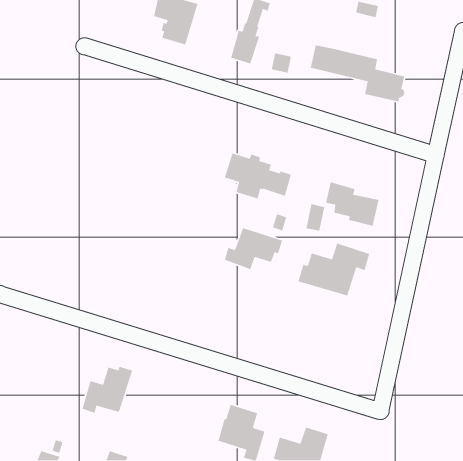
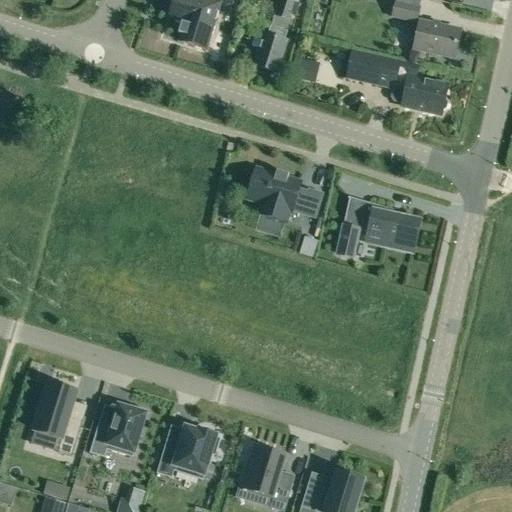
building: none -> [413,20,459,56]
building: [224,227,283,270] -> none
building: [297,243,370,297] -> none
building: none -> [35,380,82,455]
building: none -> [157,426,219,478]

